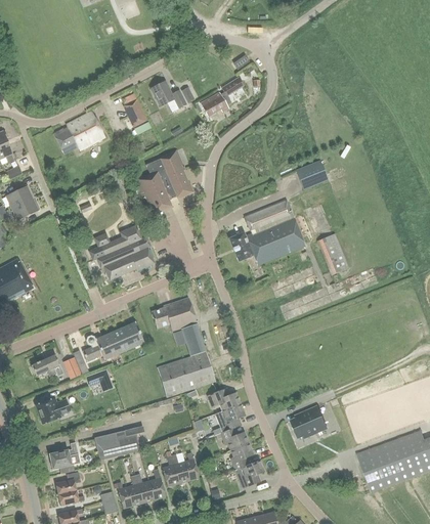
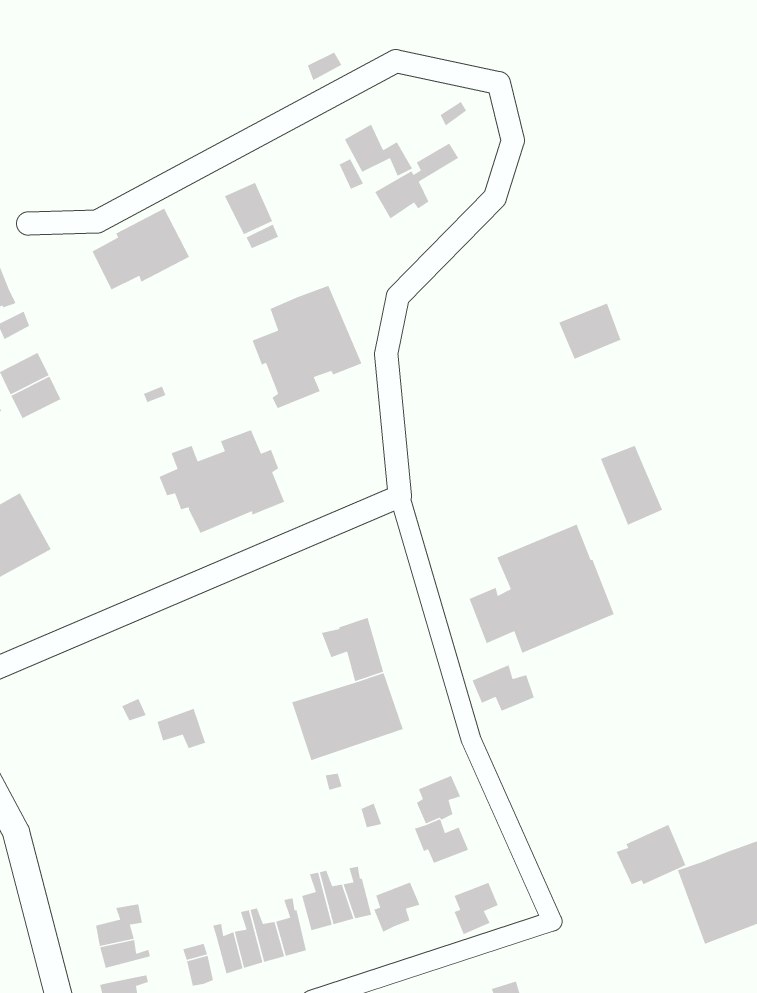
building: [150,80,186,107] -> [344,123,413,177]
building: [229,199,305,266] -> [468,524,615,654]
building: [150,297,197,331] -> none
building: [82,321,143,360] -> none
building: [31,354,63,376] -> none
building: [207,387,240,411] -> [472,664,535,712]
building: [36,398,70,423] -> none
building: [290,405,327,437] -> [615,824,687,885]
building: [94,431,139,460] -> none
building: [49,442,80,473] -> none
building: [229,443,254,470] -> [373,881,421,933]

